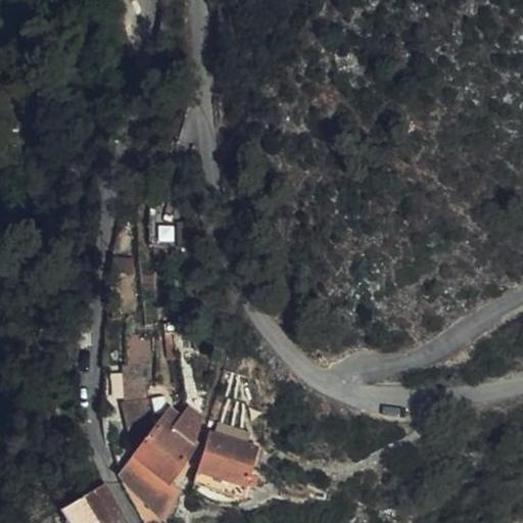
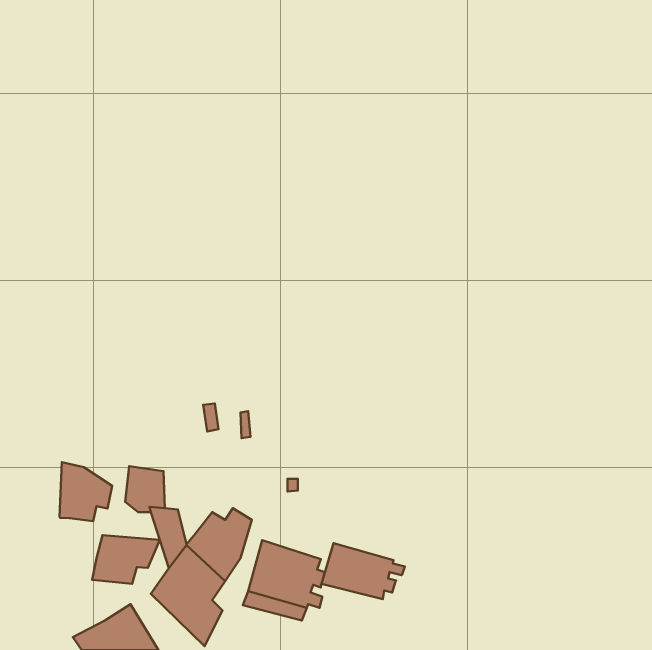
building: none -> [59,462,112,521]
building: none -> [92,535,160,584]
building: none -> [322,543,405,599]

